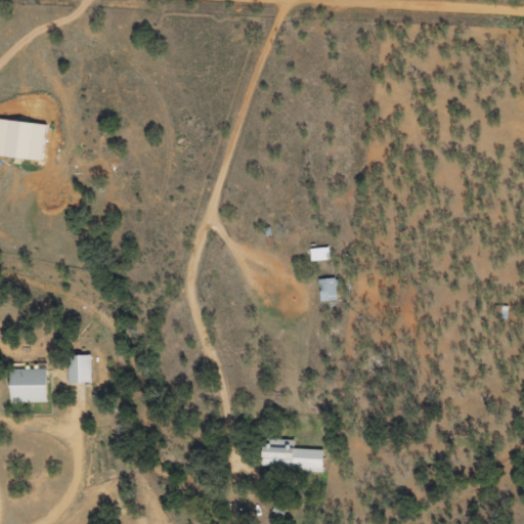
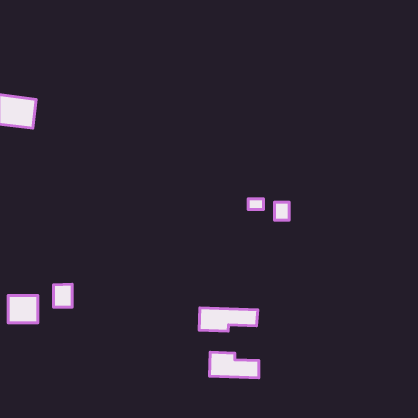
building: [318,278,337,301] -> [275,202,289,220]
building: none -> [199,308,258,331]

